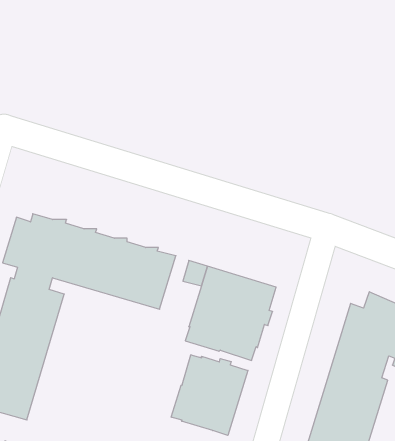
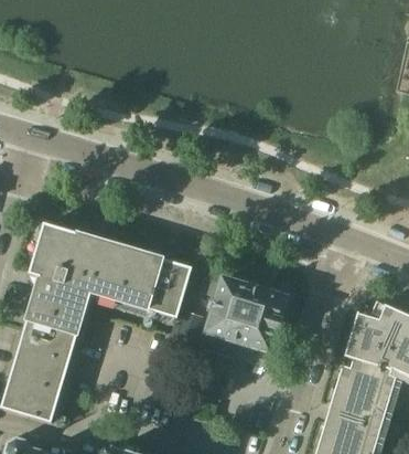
building: [171,355,248,435] -> none

